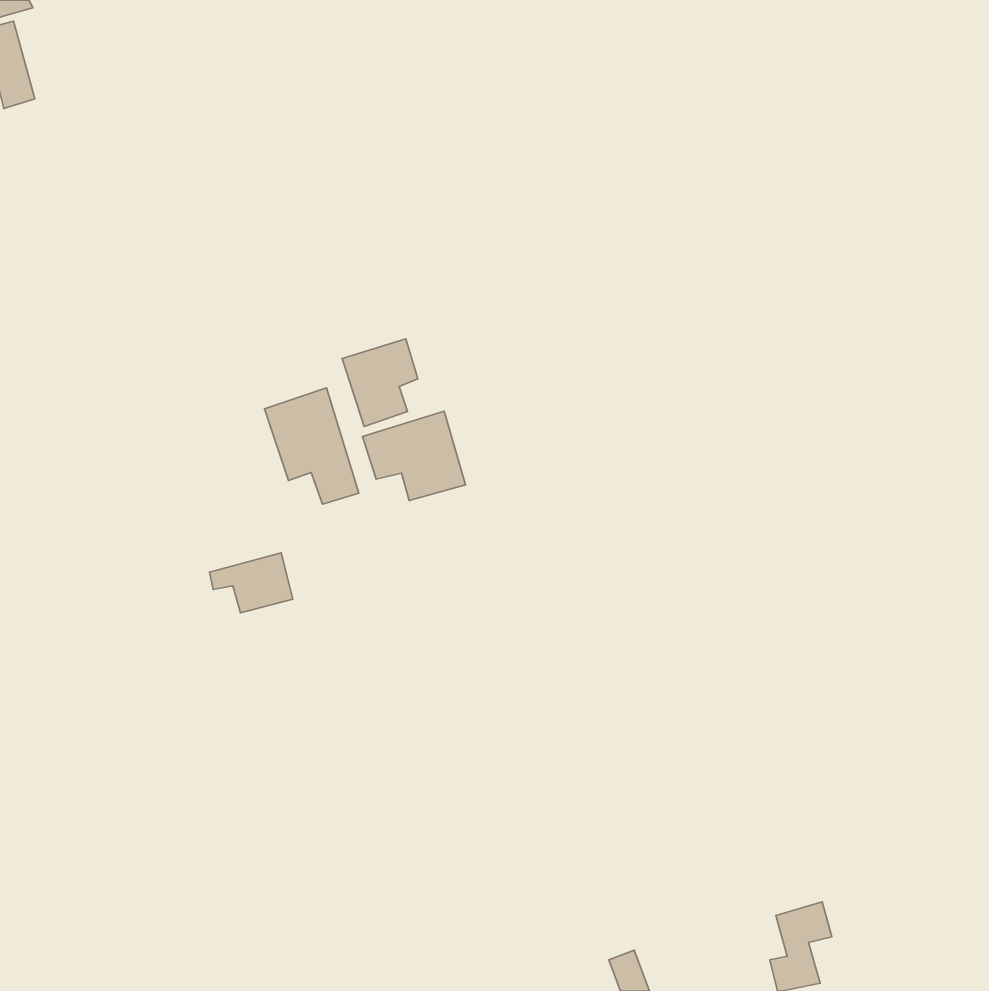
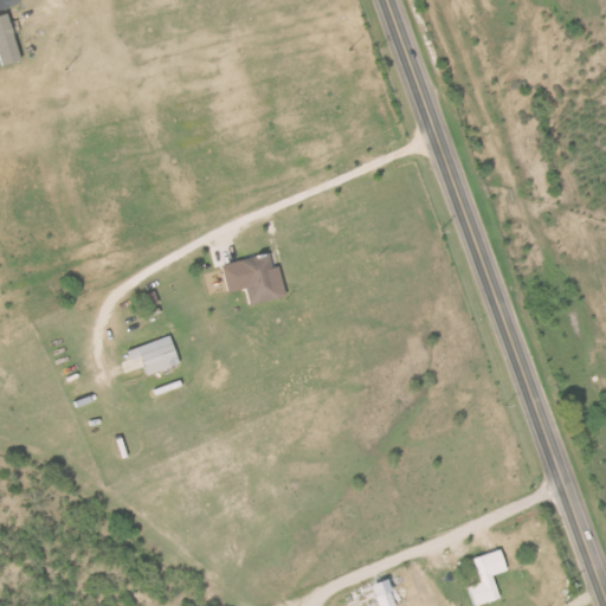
building: [342,339,418,427] -> none
building: [265,388,359,504] -> none

